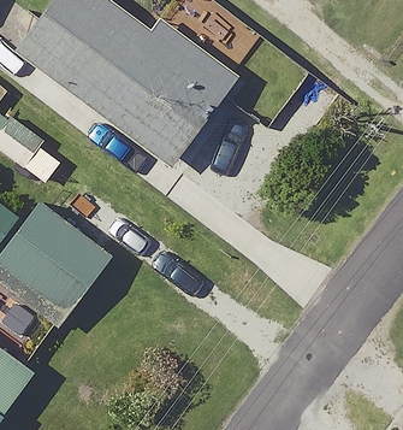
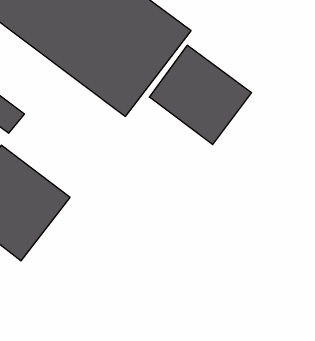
building: none -> [149,45,251,145]

